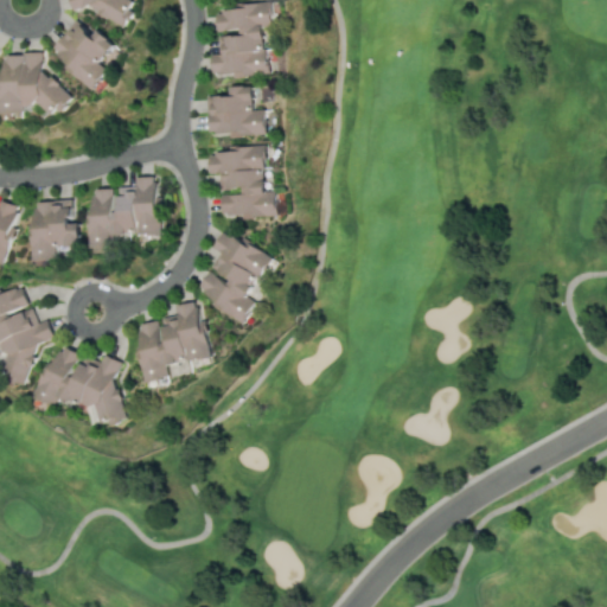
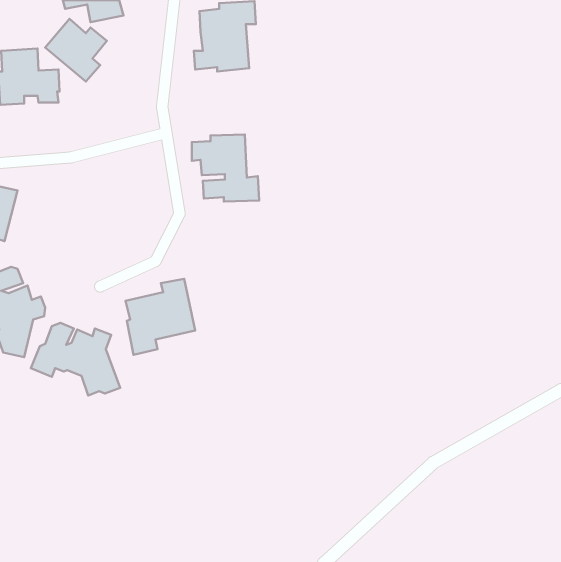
building: [204,87,264,138] -> none
building: [90,177,160,248] -> none
building: [31,200,81,261] -> none
building: [197,230,271,324] -> none

